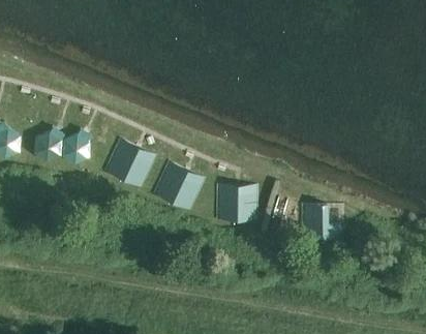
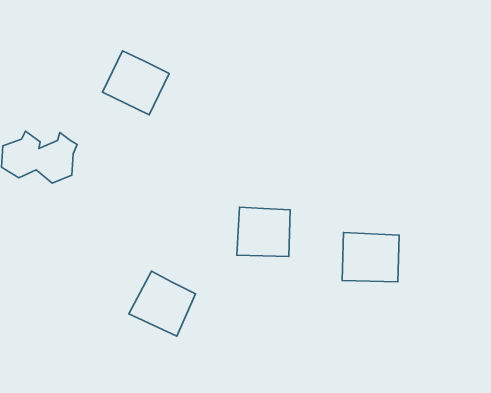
building: [104,138,156,187] -> [103,51,169,115]
building: [153,160,205,211] -> [129,271,195,336]

